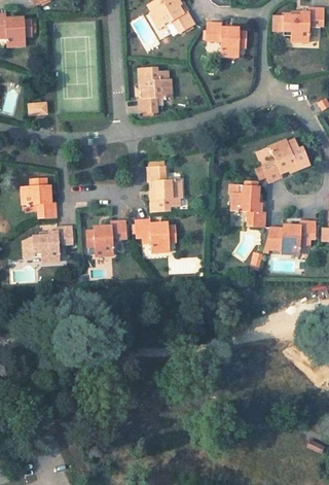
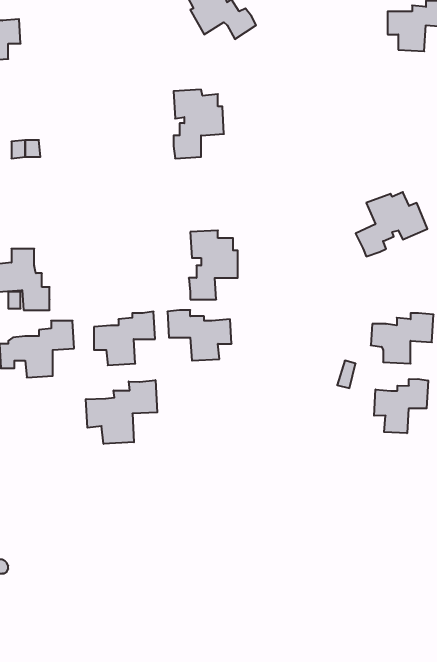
building: [206,25,247,59] -> none
building: [229,184,263,226] -> none
building: none -> [374,379,428,433]
building: none -> [86,380,157,444]

